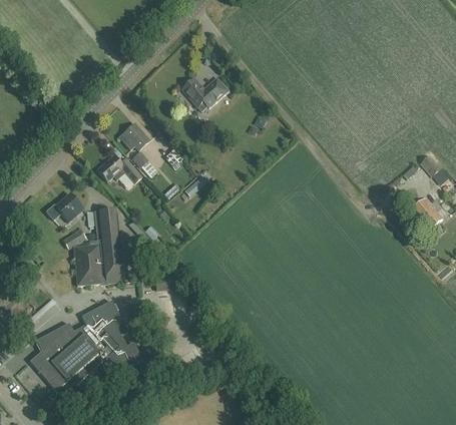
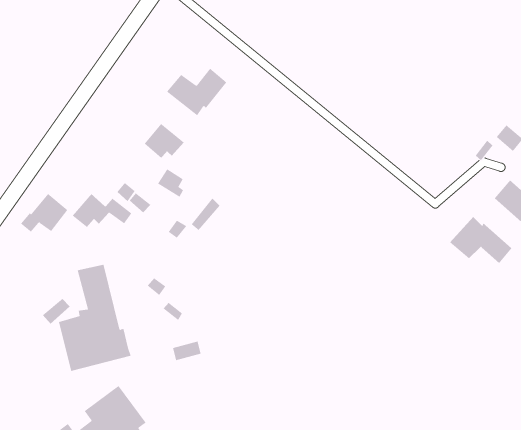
building: [118,122,148,148] -> [144,123,184,158]
building: [45,191,82,221] -> [20,193,68,232]
building: none -> [449,216,512,264]

